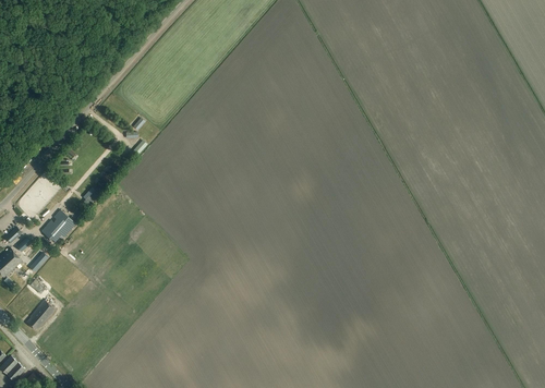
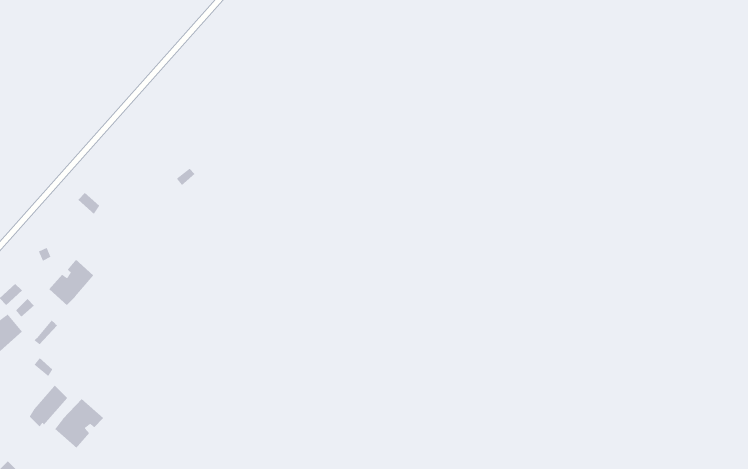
building: none -> [54,398,104,449]

